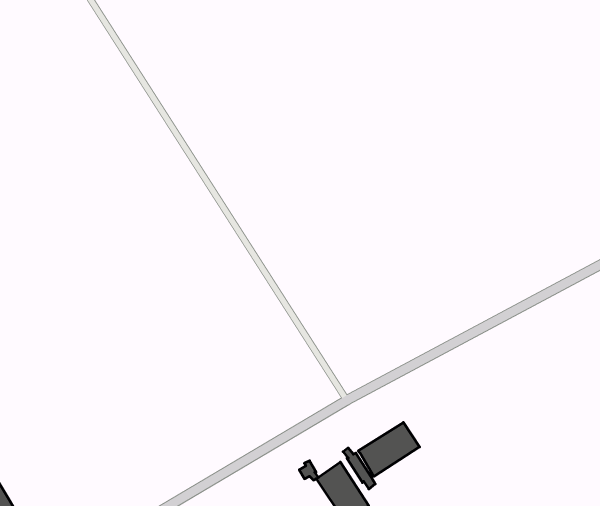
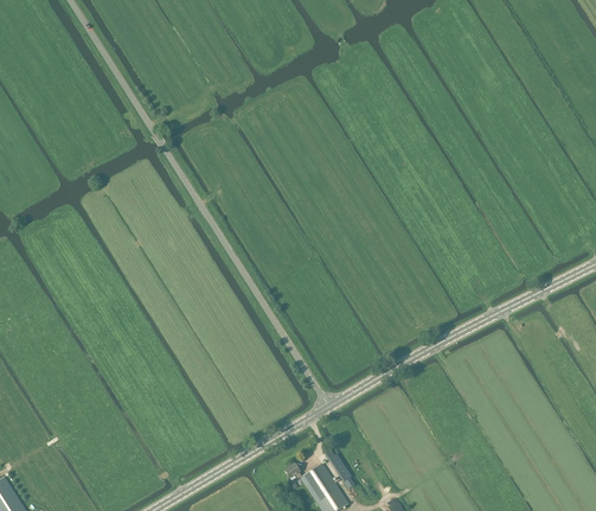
building: [358,422,420,476] -> none

